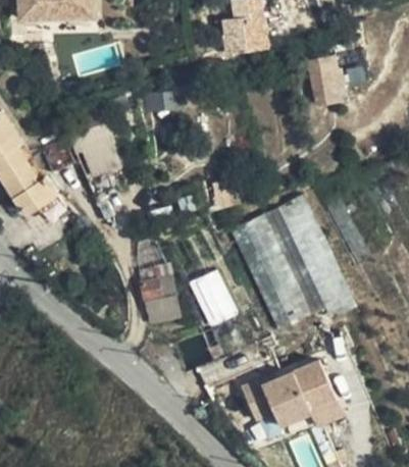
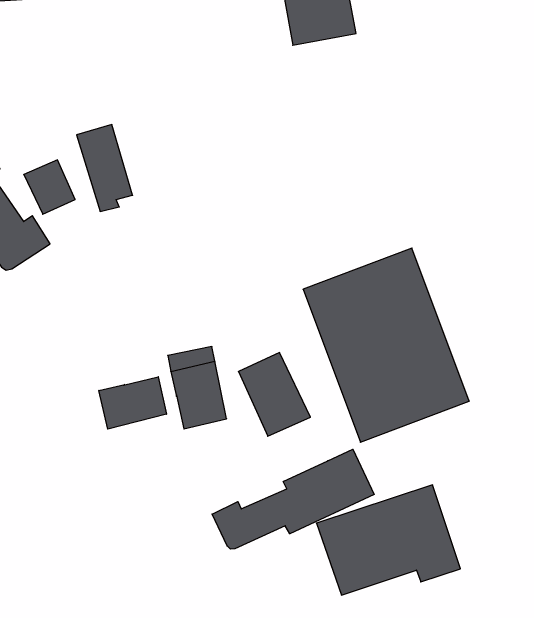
building: [306,56,341,103] -> none
building: none -> [99,377,166,429]
building: none -> [212,449,374,549]

